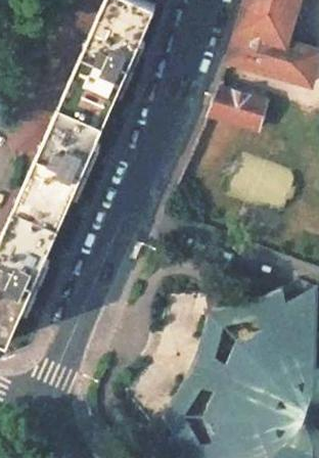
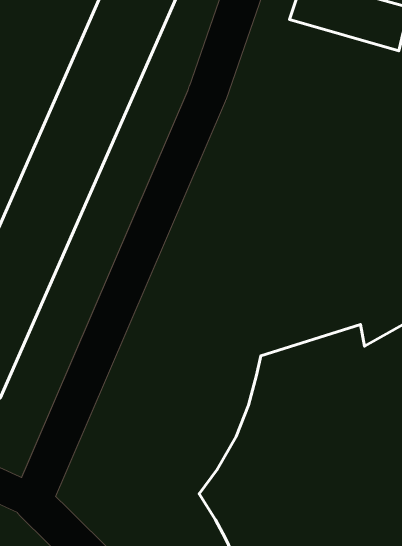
building: [208,86,266,128] -> none

